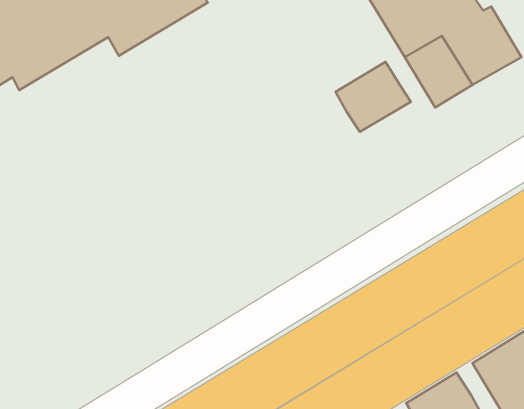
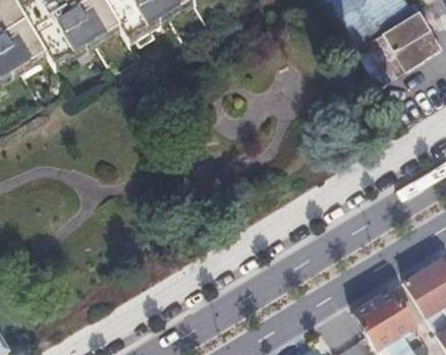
building: [336,62,411,132] -> none

